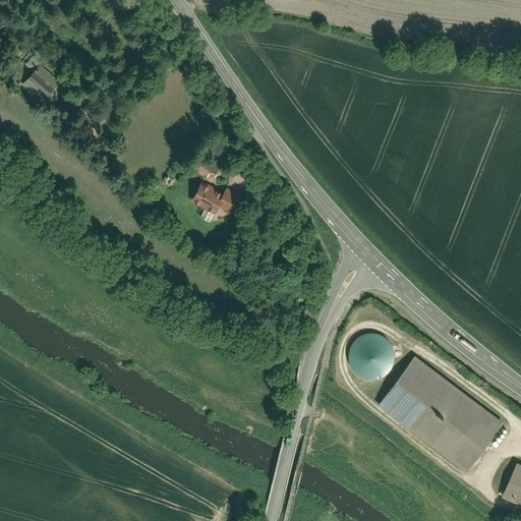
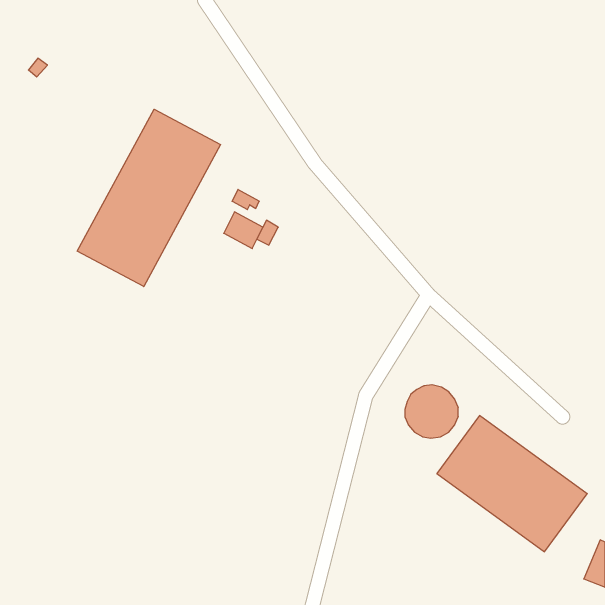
building: [23,64,58,99] -> none
building: none -> [77,109,221,287]

